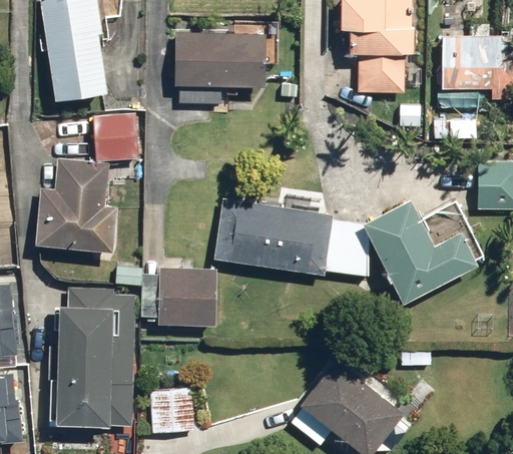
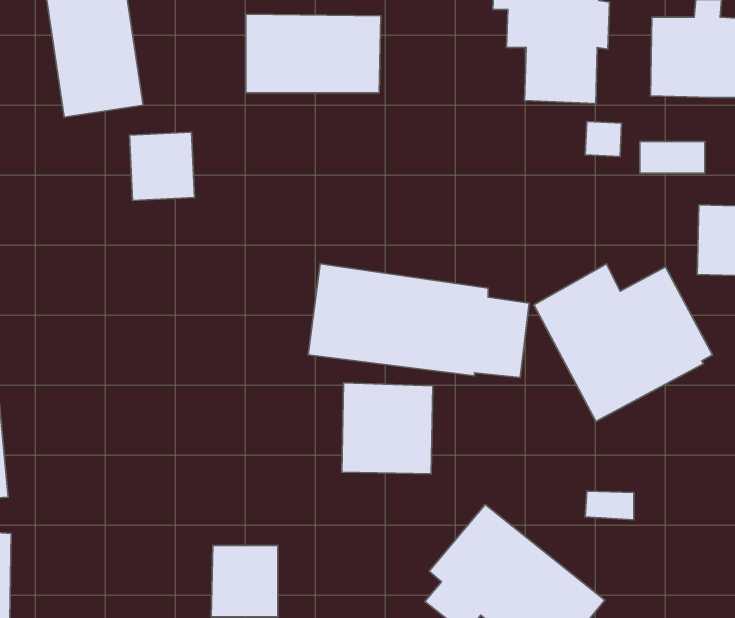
building: [38,160,115,250] -> none
building: [157,267,217,327] -> [342,383,433,474]
building: [54,288,134,428] -> none

